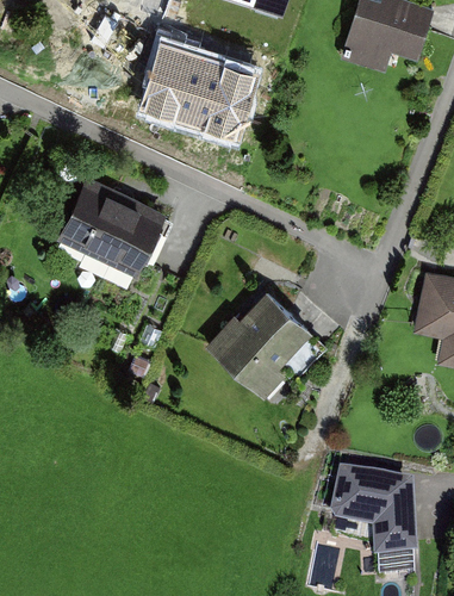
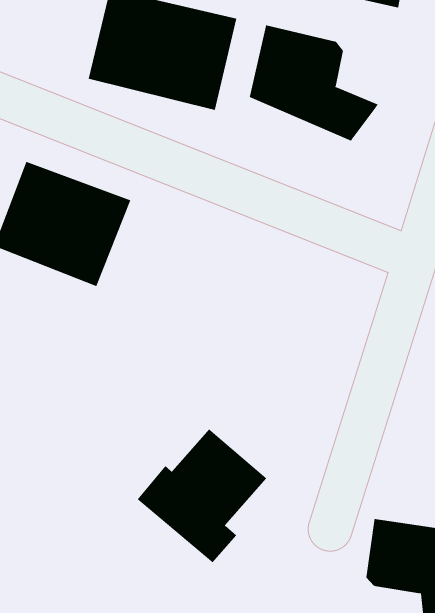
building: none -> [249,25,378,142]
building: [205,287,307,392] -> [137,429,267,563]

